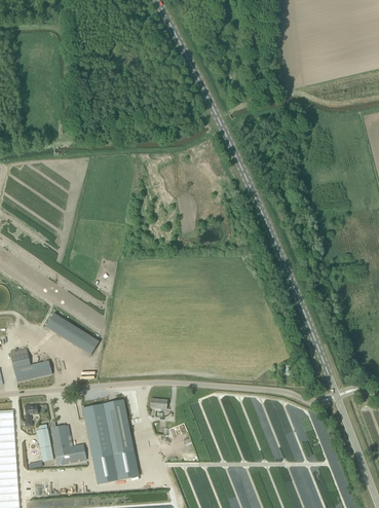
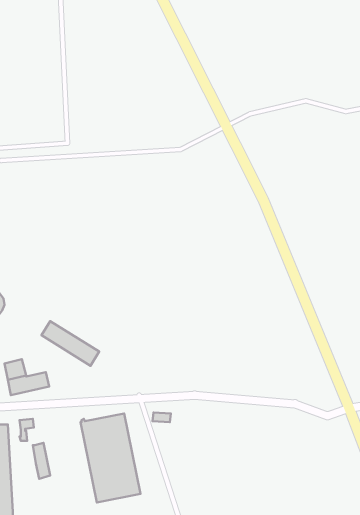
building: [49,425,85,464] -> none

